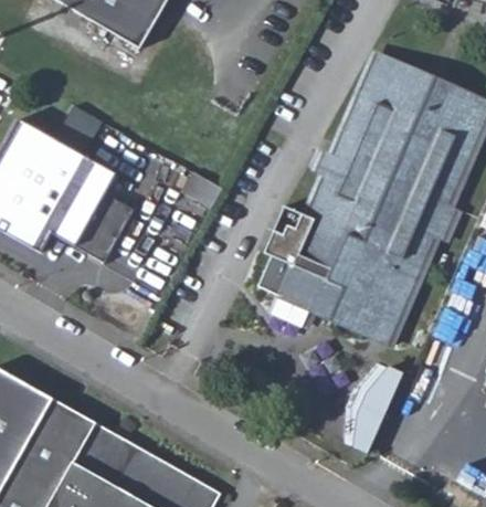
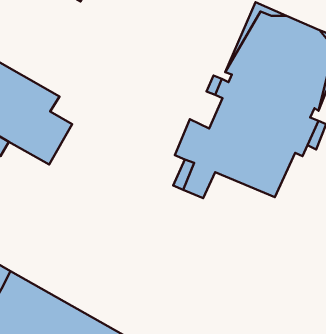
building: [305,245,435,342] -> none
building: [346,359,398,452] -> none

